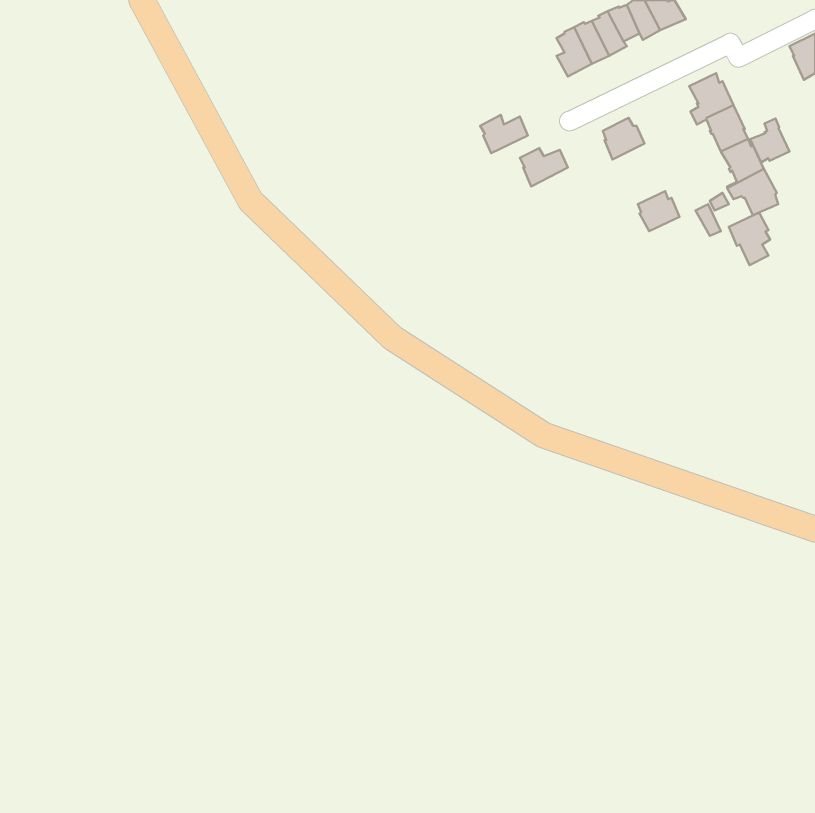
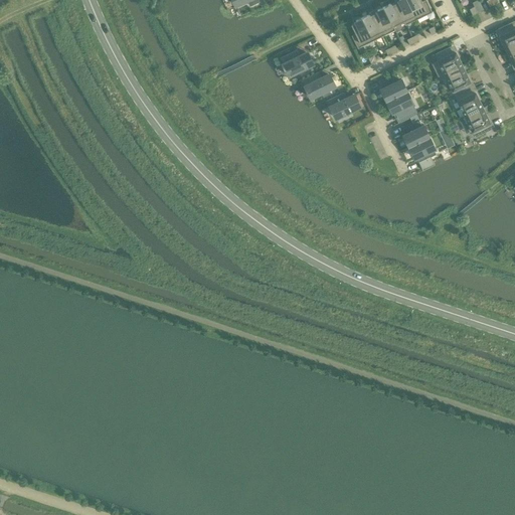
building: none -> [281,52,311,75]
building: [750,119,789,163] -> none
building: none -> [386,92,413,118]
building: [729,212,770,265] -> [409,138,436,171]

